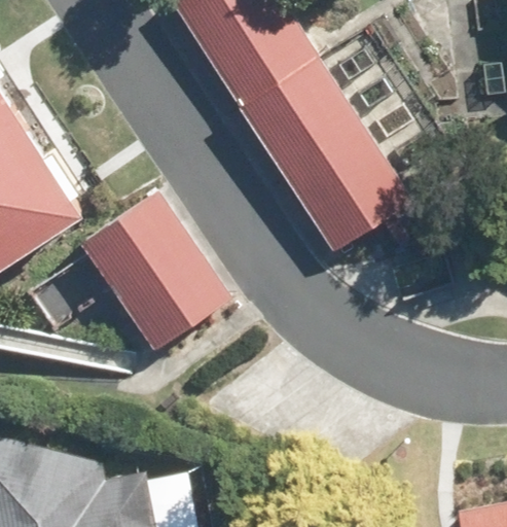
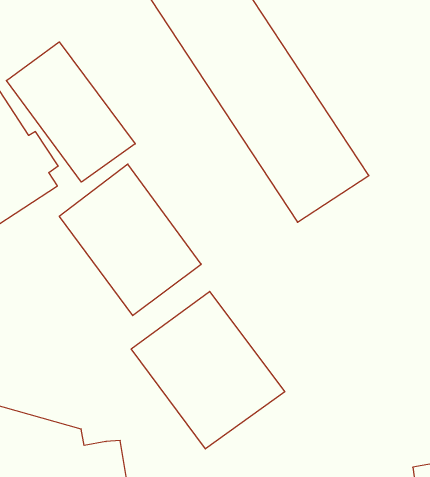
building: none -> [6,42,135,182]
building: none -> [131,291,285,449]

